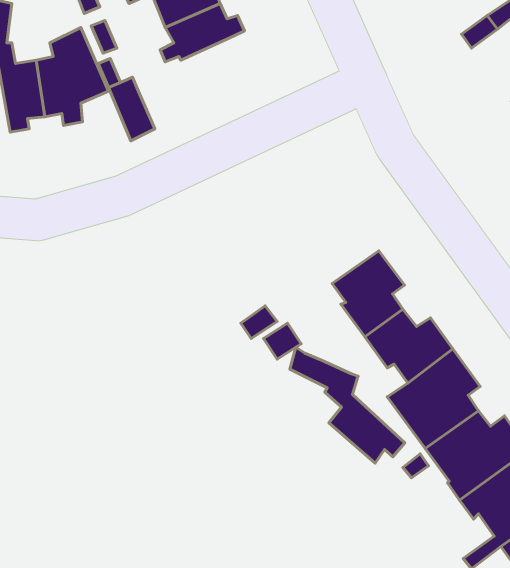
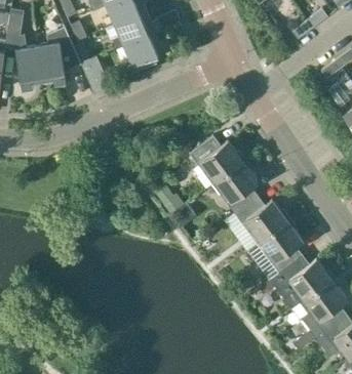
building: none -> [124,32,170,74]
building: none -> [190,135,242,179]
building: [290,347,405,463] -> none

